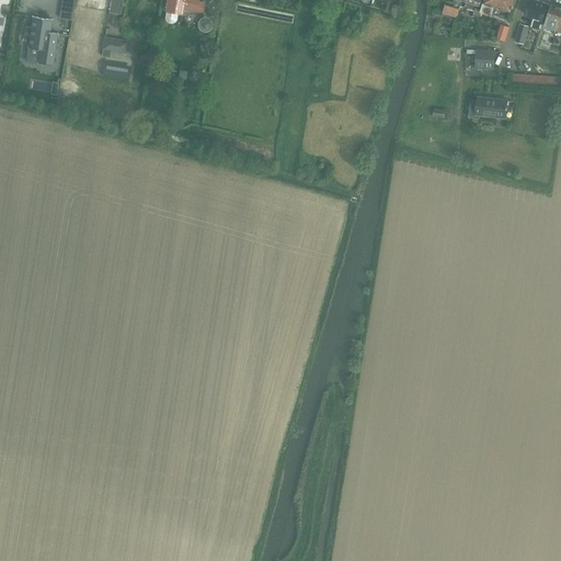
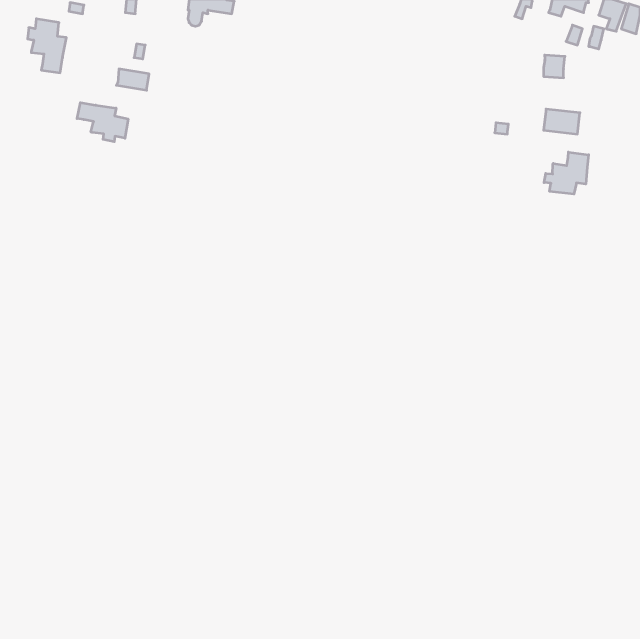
building: none -> [77,103,128,142]
building: none -> [544,152,589,194]

